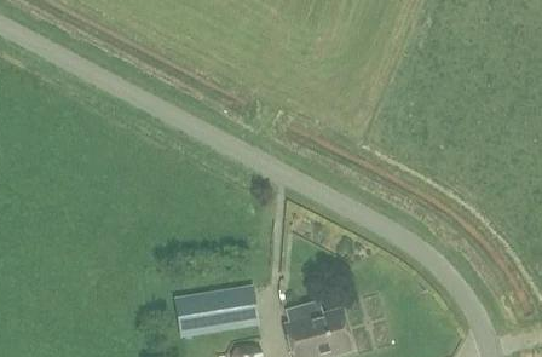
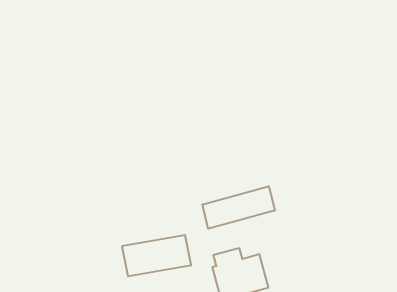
building: none -> [202,186,275,229]

